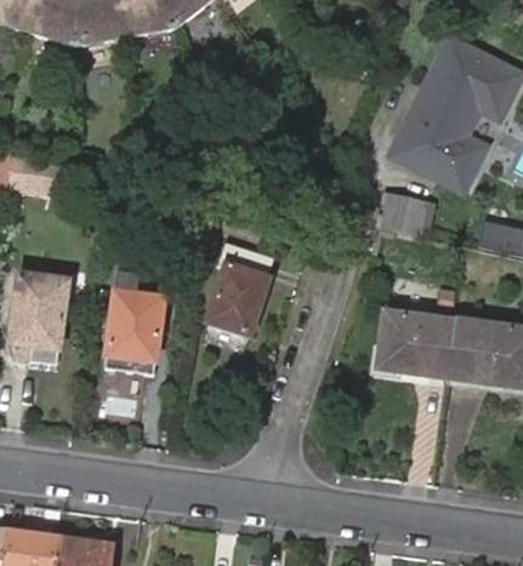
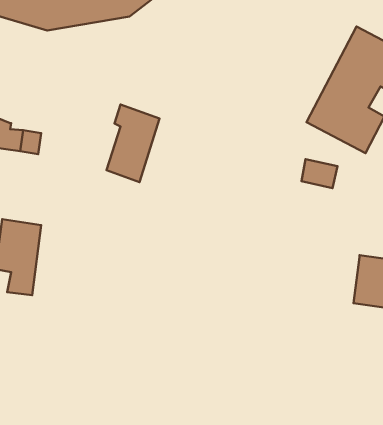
building: [208,241,272,336] -> [107,104,160,182]
building: [106,264,163,375] -> none
building: [376,311,453,376] -> none

